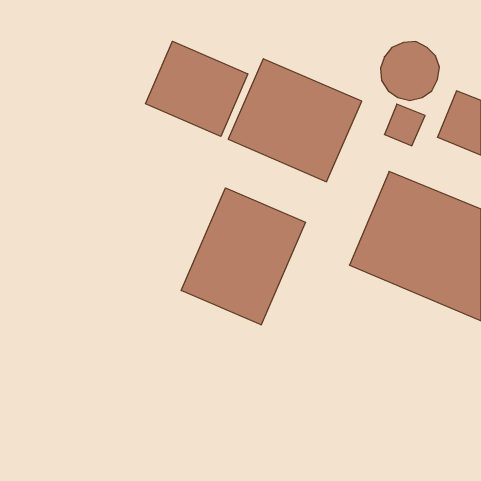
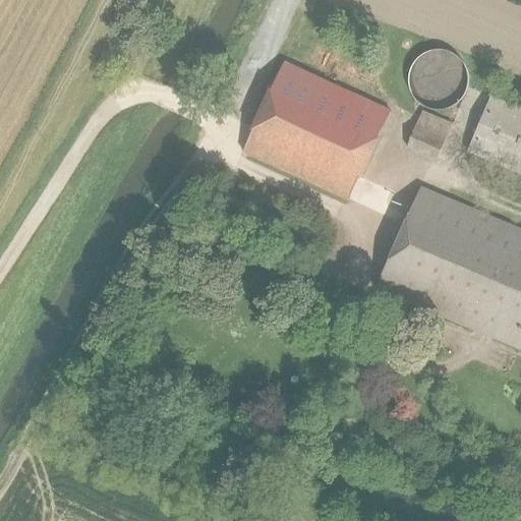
building: [145,41,248,136] -> none
building: [181,188,306,325] -> none

